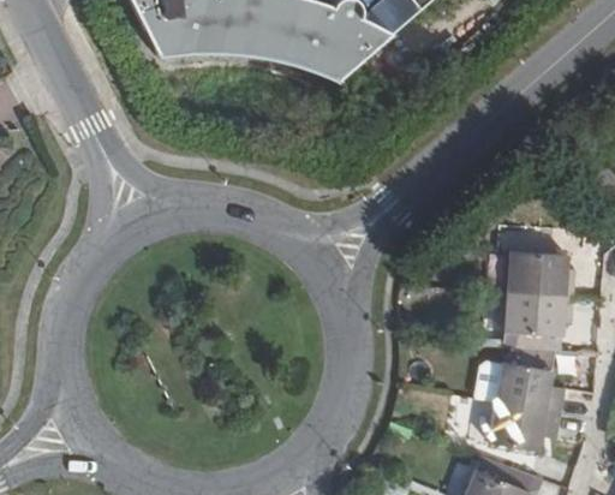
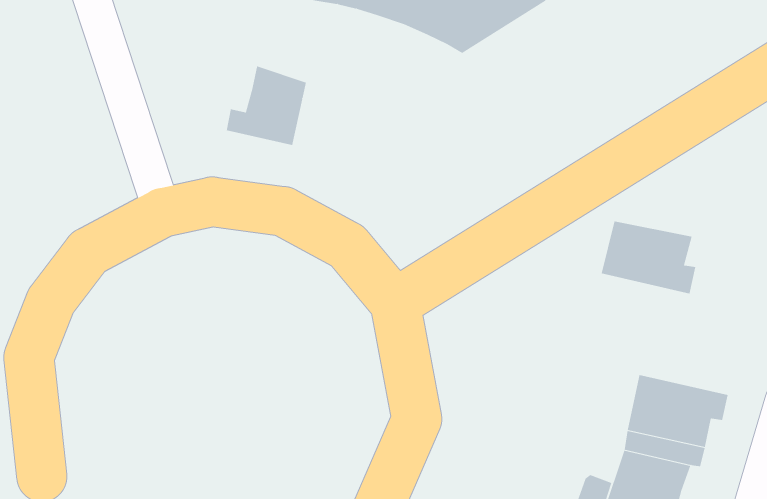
building: none -> [226,65,306,146]
building: [507,250,575,294] -> [601,221,696,294]

